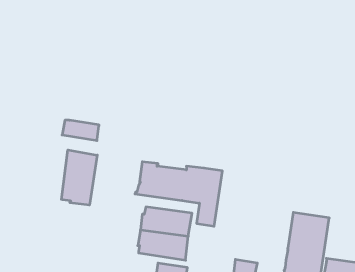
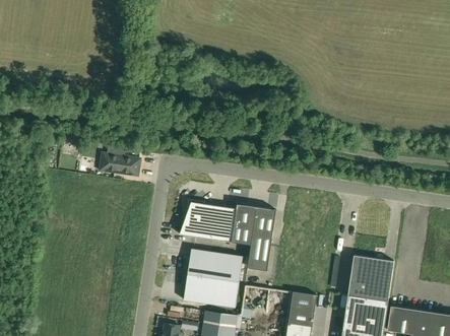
building: [61,150,97,205] -> none
building: none -> [290,291,316,311]

